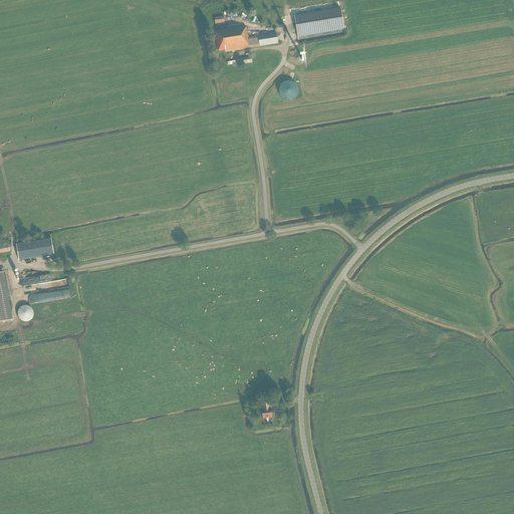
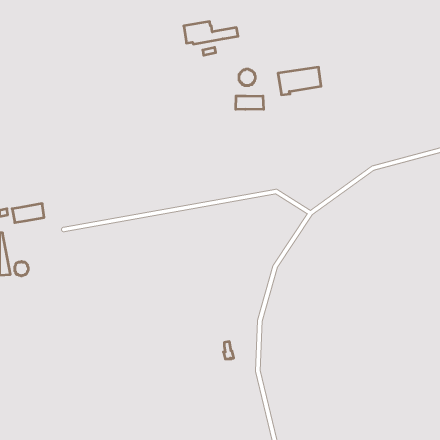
building: [293,7,343,39] -> [278,67,321,95]
building: none -> [236,96,264,109]

